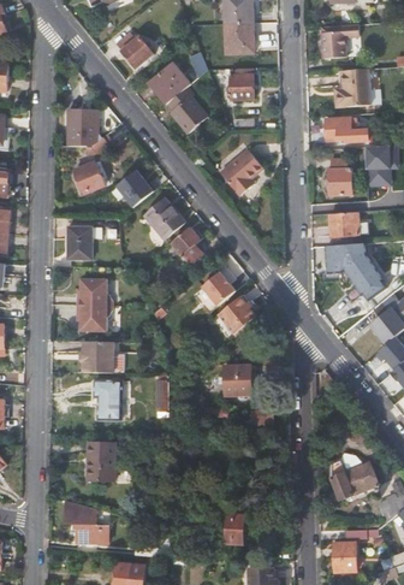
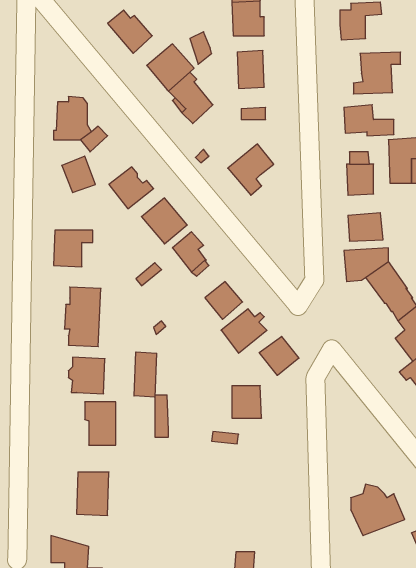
building: none -> [259,336,299,375]
building: none -> [134,352,157,397]

